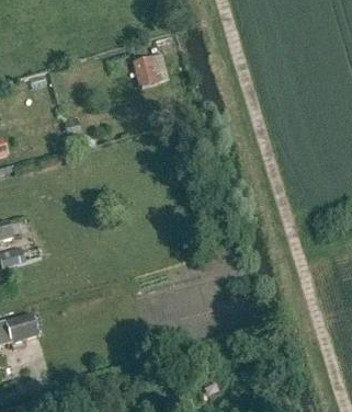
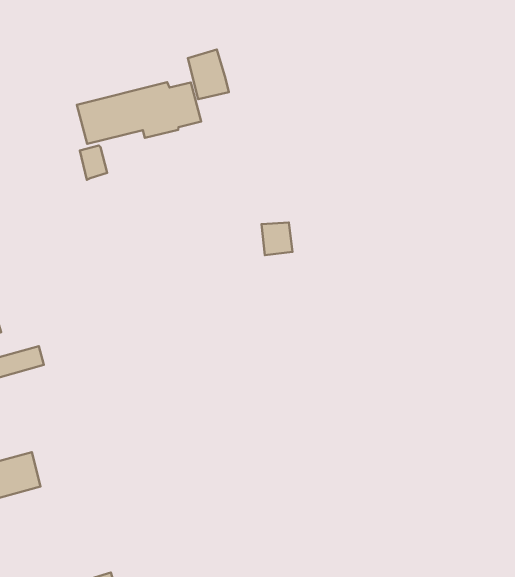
building: none -> [77,82,201,144]

